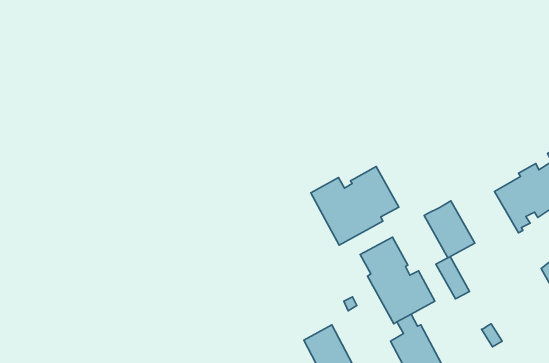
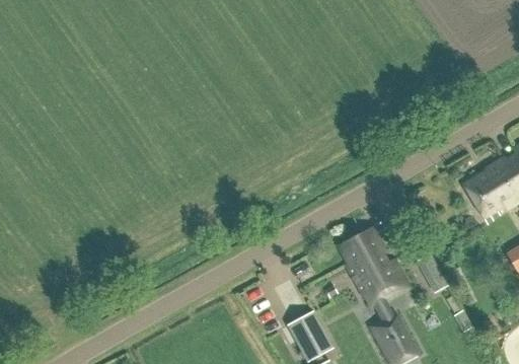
building: [311,167,399,245] -> none
building: [424,201,475,258] -> none

